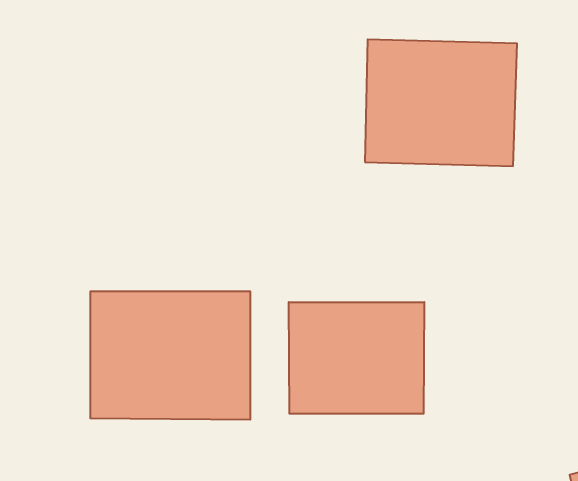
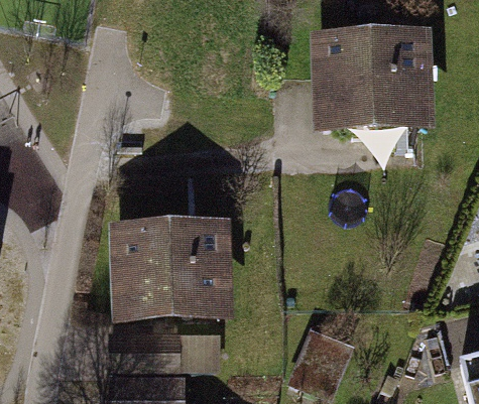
building: [289,302,424,414] -> none

